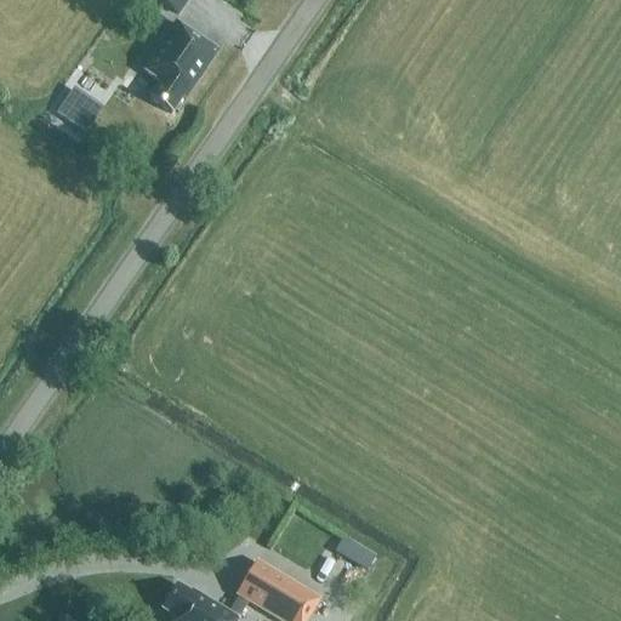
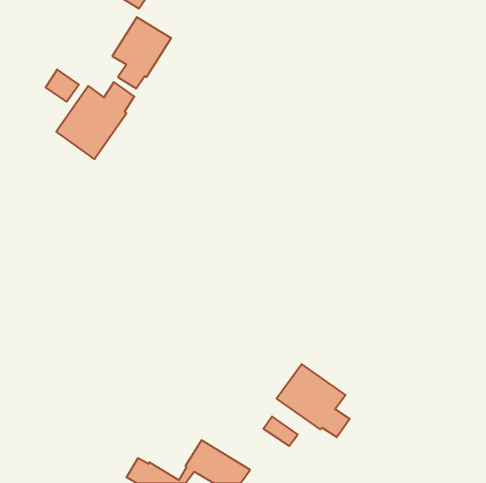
building: none -> [56,82,134,159]
building: none -> [277,364,350,437]

